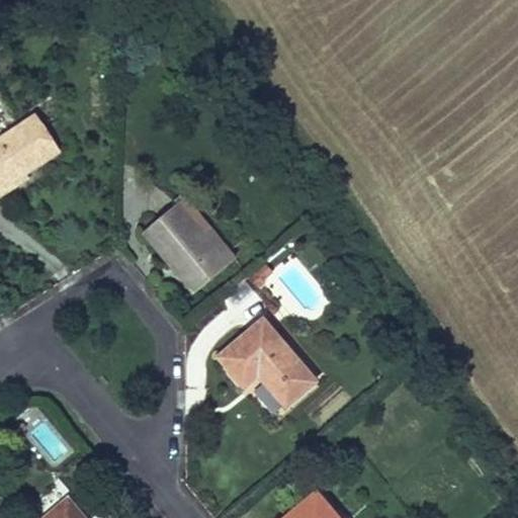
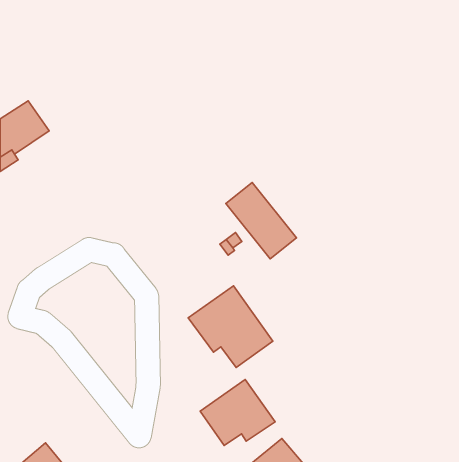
building: [149,198,228,283] -> [226,183,297,259]
building: none -> [200,380,275,446]

